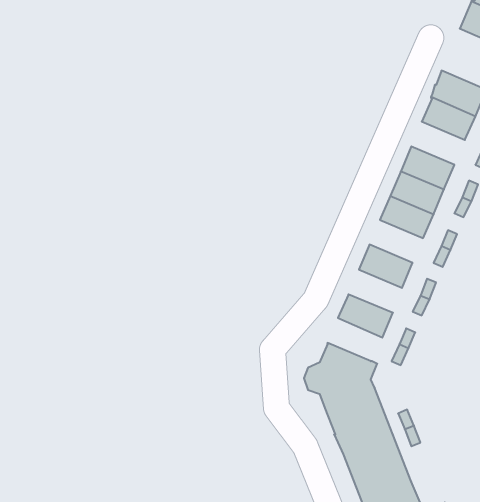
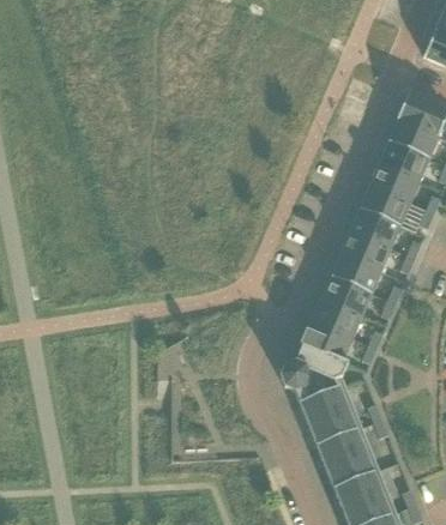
building: none -> [379,143,428,182]
building: none -> [340,233,390,272]
building: none -> [321,278,370,318]
building: none -> [301,322,352,362]

